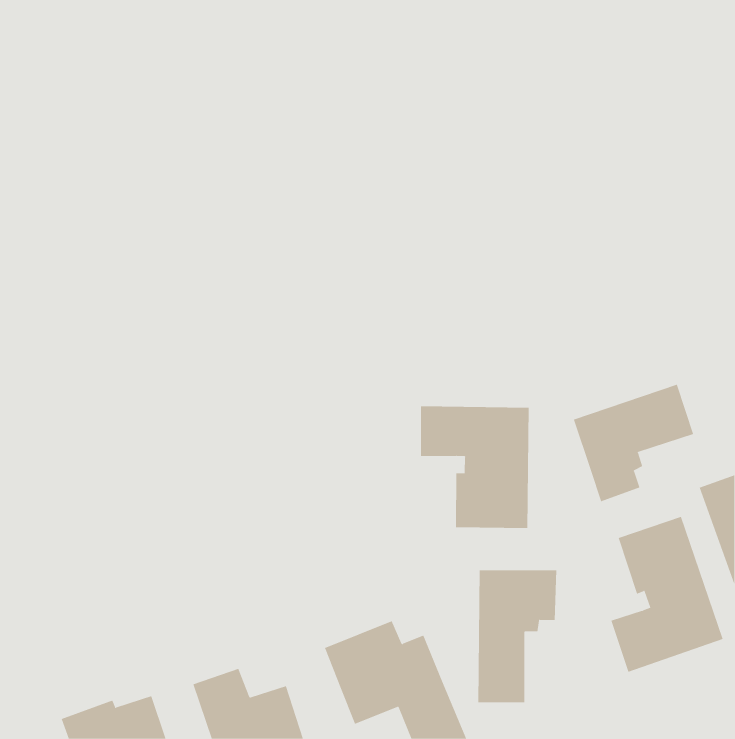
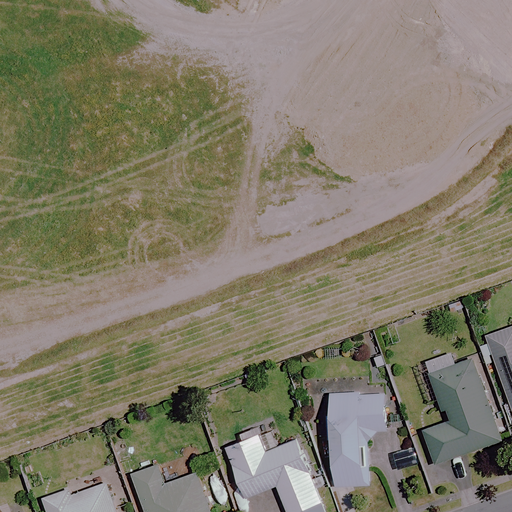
building: [573,384,694,502] -> none
building: [420,405,529,529] -> none

